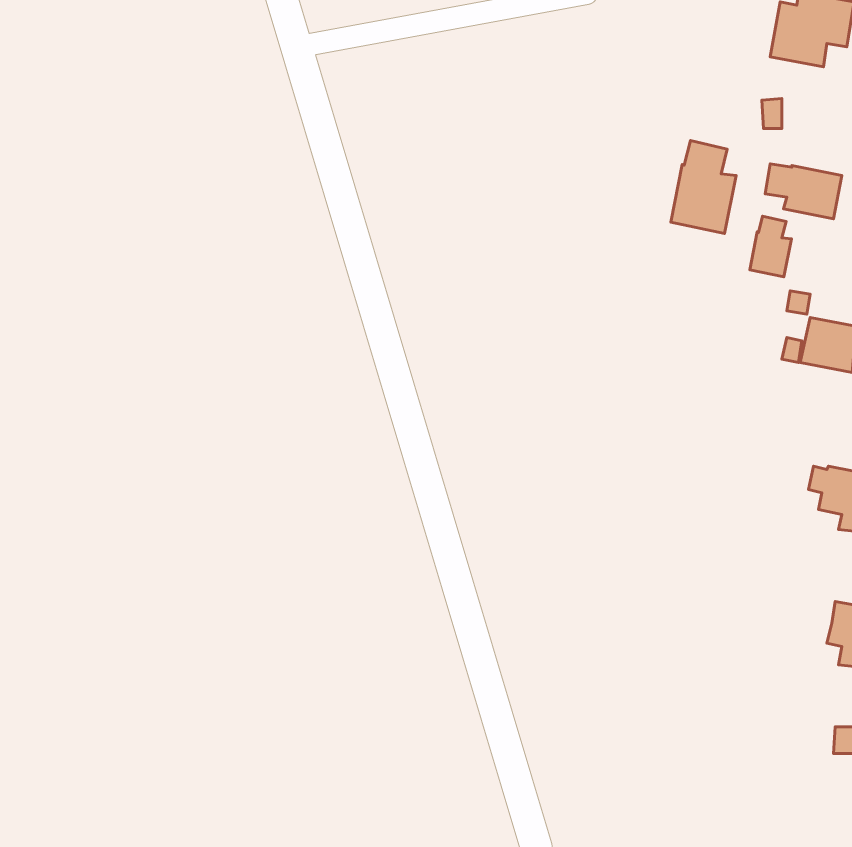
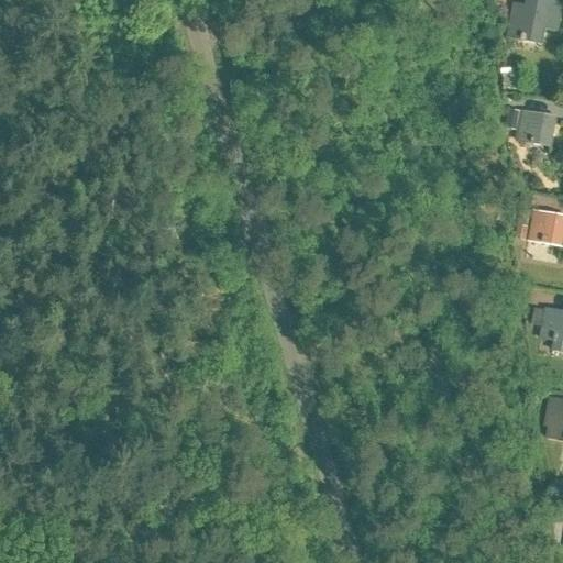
building: [671,141,736,233] -> none
building: [750,216,792,277] -> none

